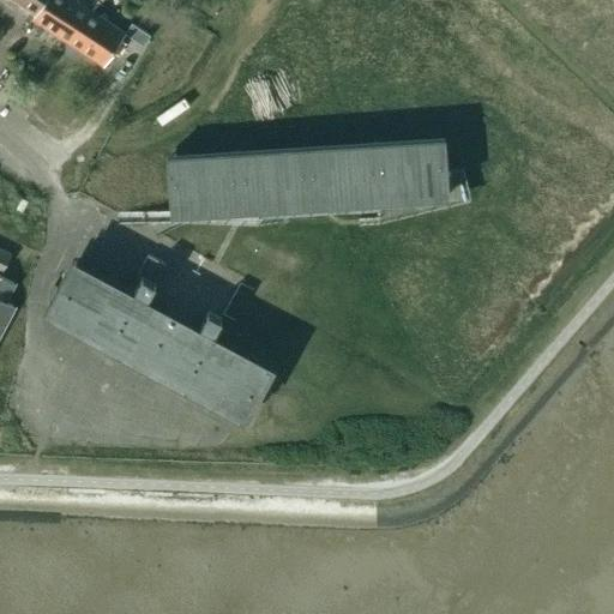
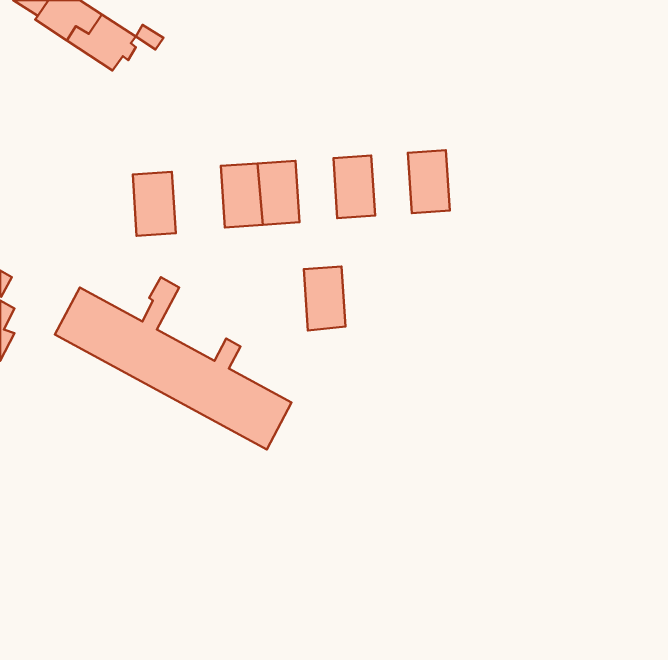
building: [409,143,449,200] -> none
building: [341,148,378,205] -> none
building: [271,152,309,211] -> [304,267,346,331]
building: [167,159,206,218] -> [133,172,176,236]

